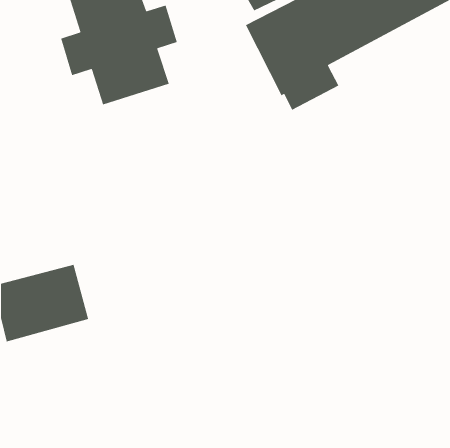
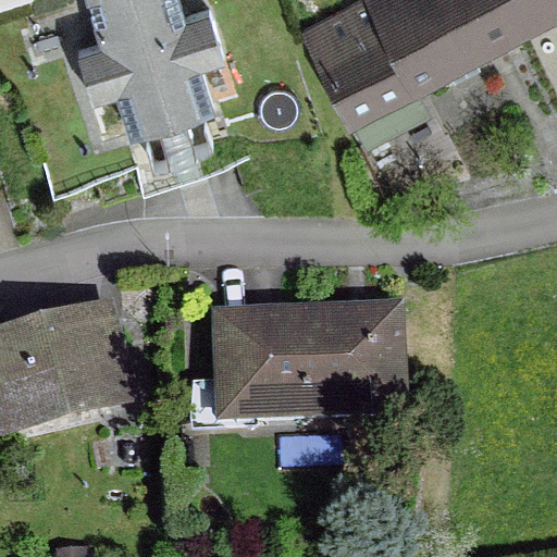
building: none -> [216,309,399,419]

